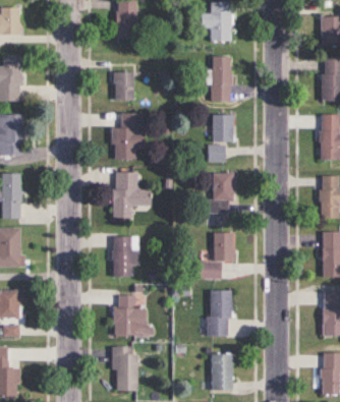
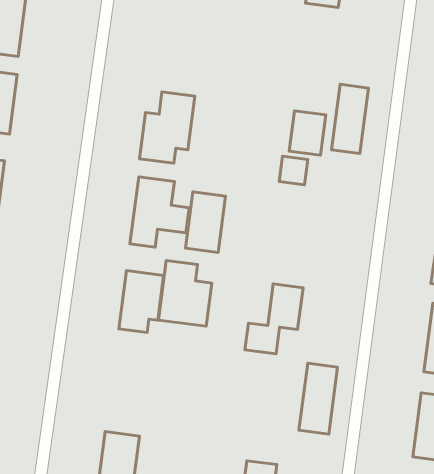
building: [212,56,231,101] -> [332,84,369,154]
building: [114,72,134,101] -> none
building: [211,173,233,212] -> [185,192,226,253]
building: [209,290,229,336] -> [299,363,337,434]
building: [114,295,147,336] -> [158,260,212,326]

